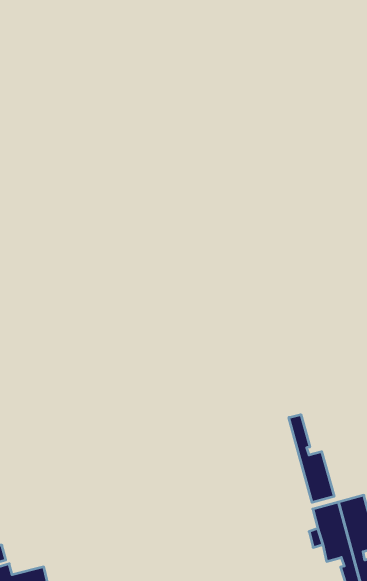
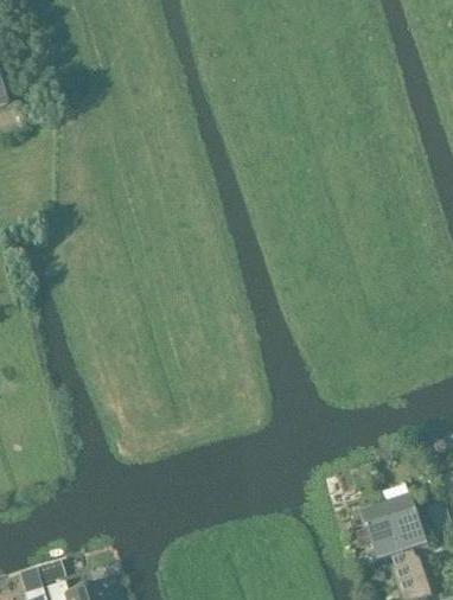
building: [289,415,334,502] -> none

